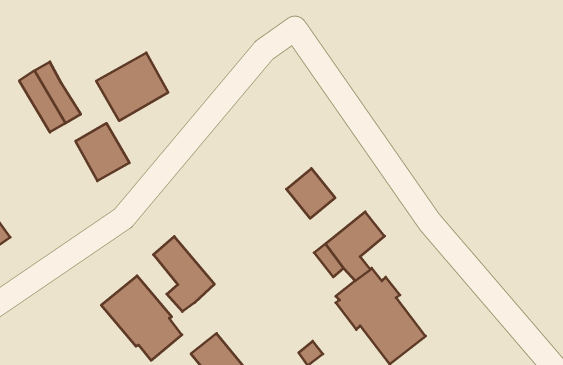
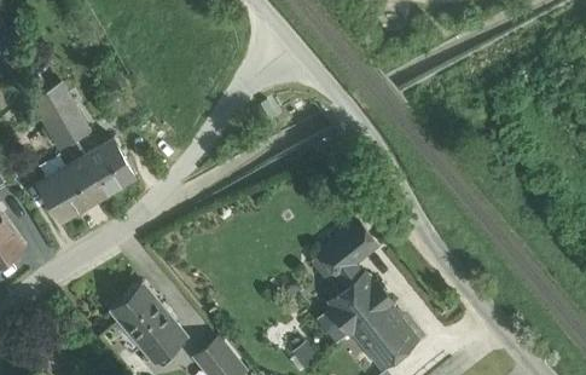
building: [96,53,168,121] -> [39,156,106,220]
building: [286,168,335,218] -> none
building: [153,236,214,312] -> none

